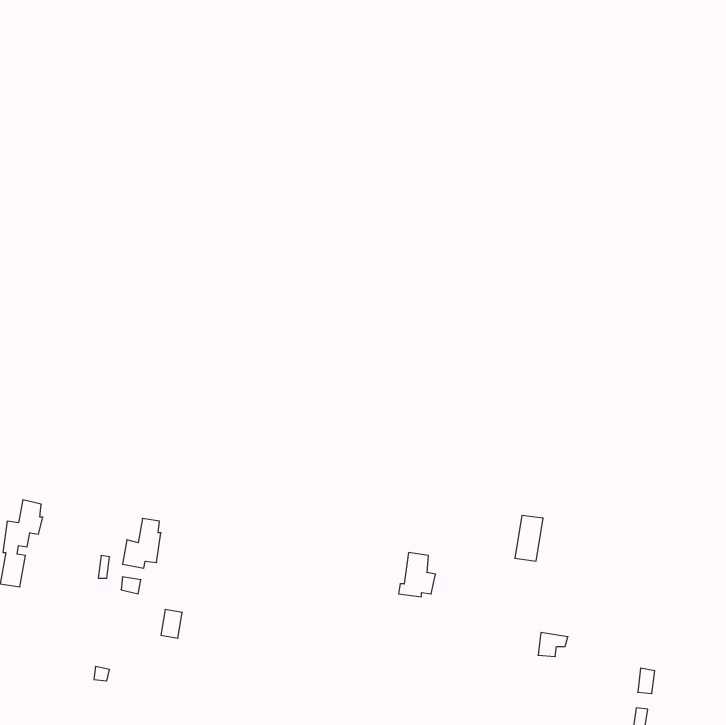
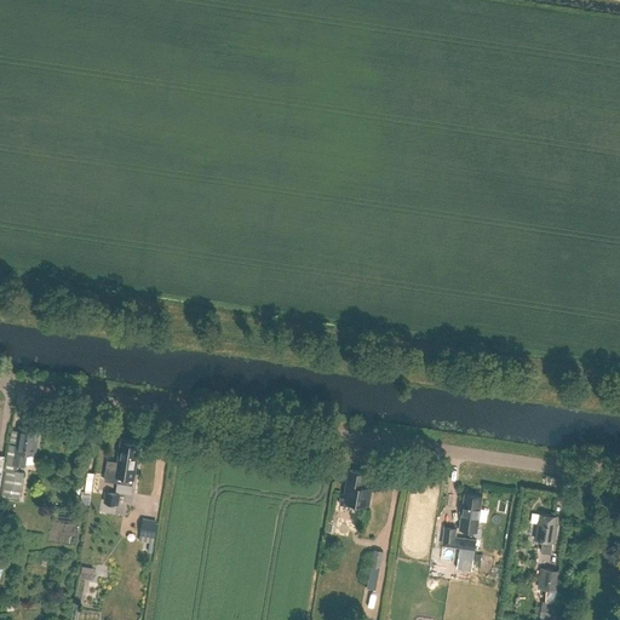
building: [515,515,543,561] -> [458,495,482,534]
building: none -> [535,516,555,556]

